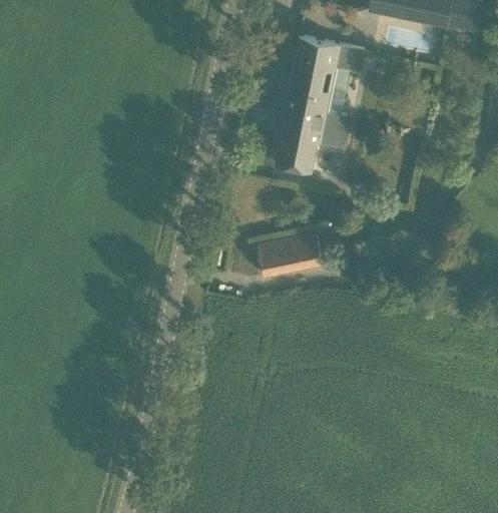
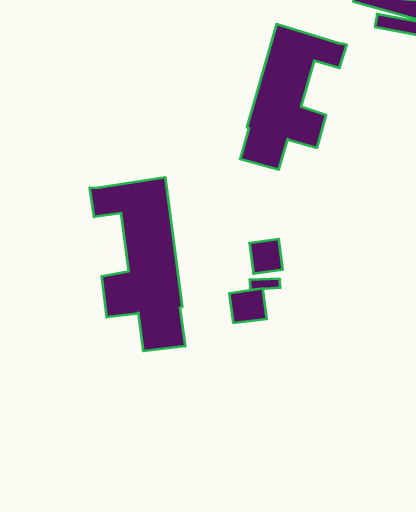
building: none -> [90,177,185,351]
building: [259,242,296,277] -> [229,289,267,323]

